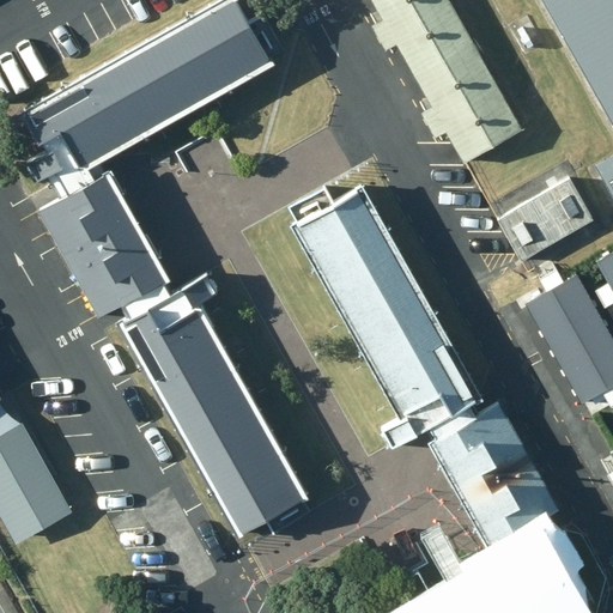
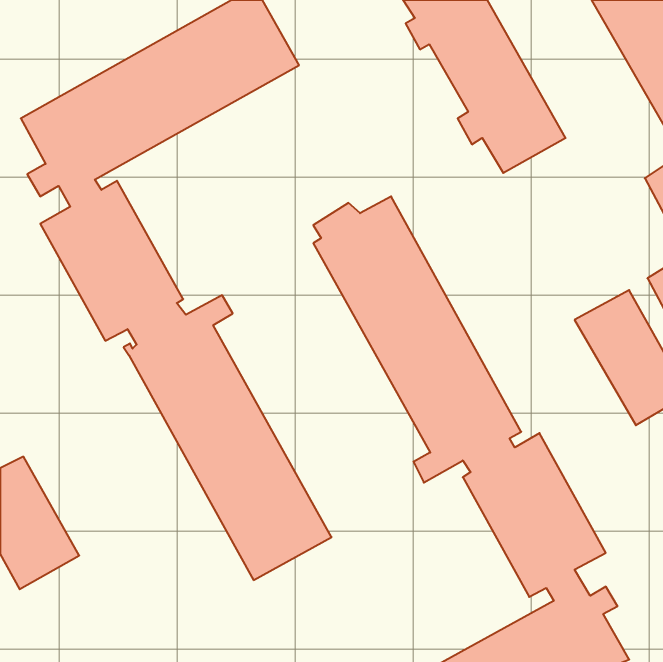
building: [497,180,591,262] -> none

